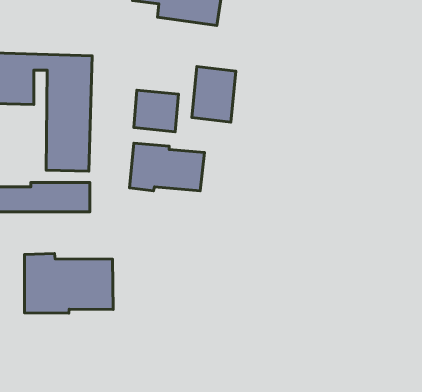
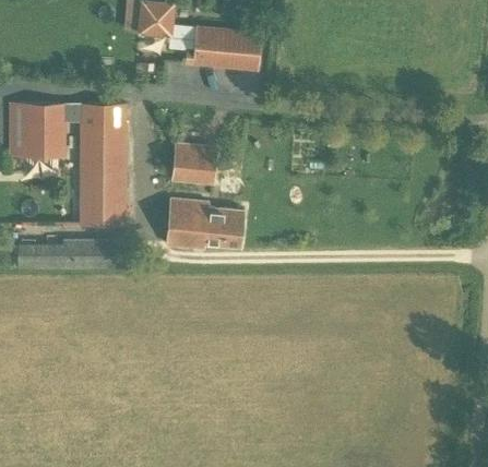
building: [192,67,236,122] -> none
building: [24,253,113,313] -> none

